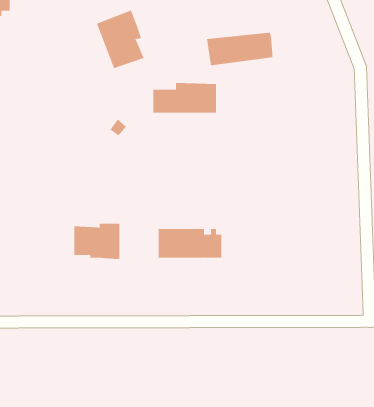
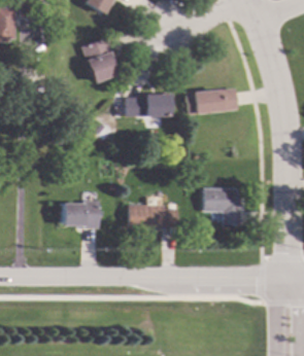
building: [206,32,273,66] -> [185,88,237,114]
building: none -> [203,187,241,226]

